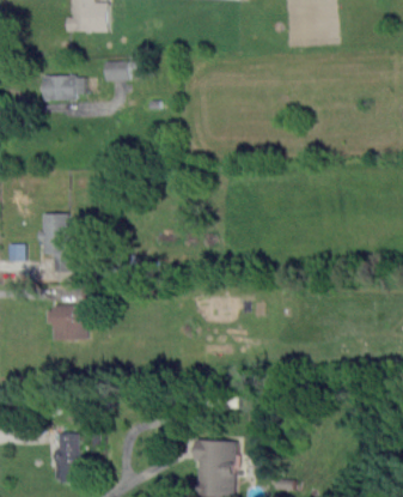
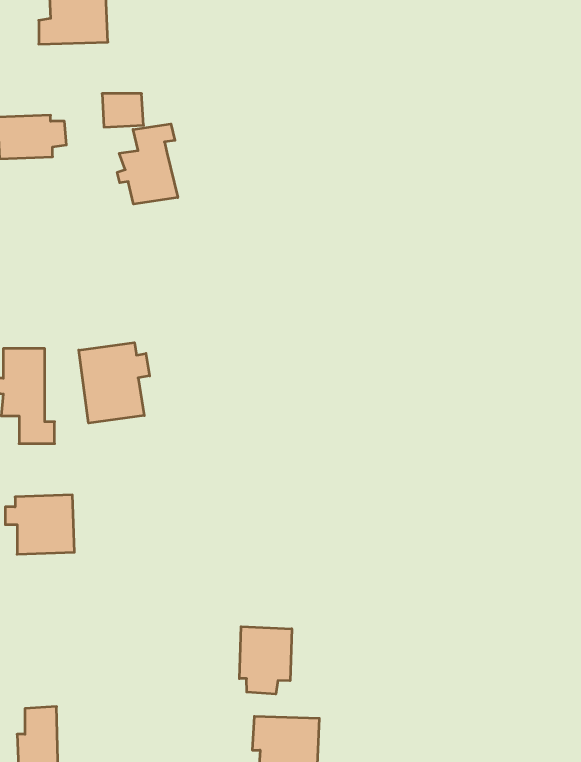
building: none -> [117,124,178,204]
building: none -> [79,343,150,423]
building: none -> [239,627,292,694]

